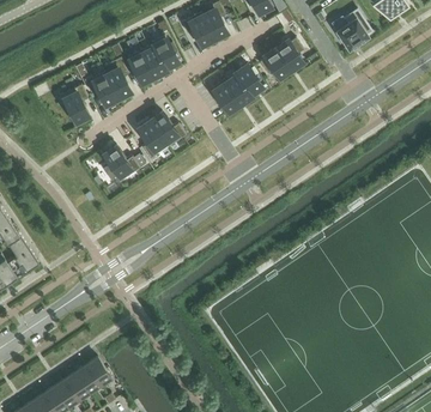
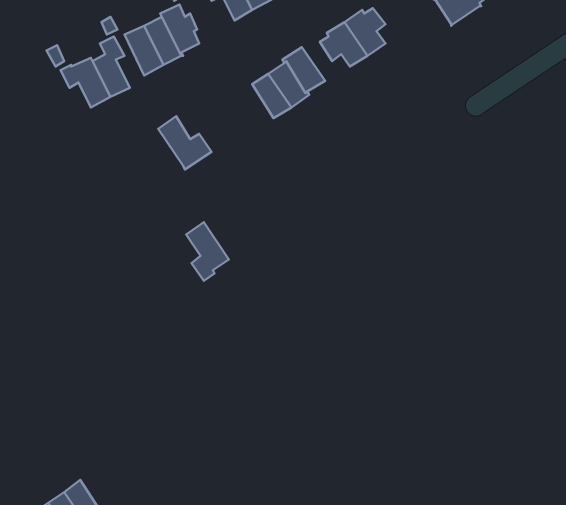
building: [59,85,87,123] -> none
building: [136,120,165,159] -> [186,222,229,281]
building: [102,146,139,181] -> none

